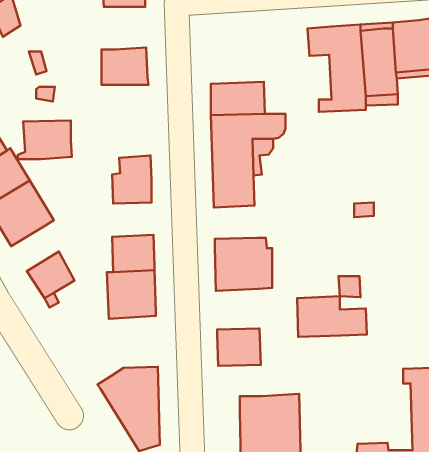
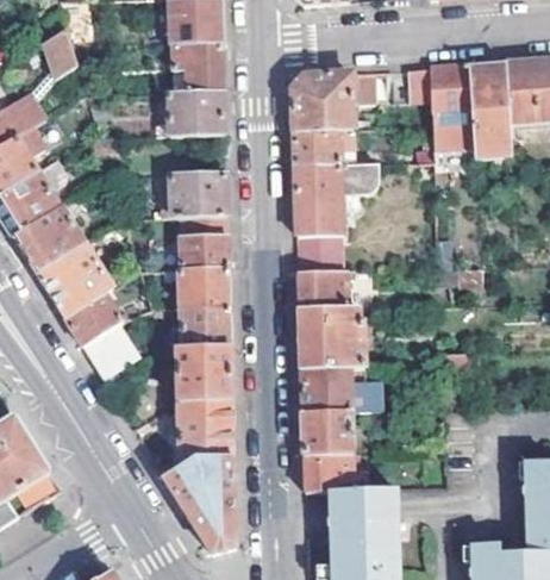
building: none -> [171,43,220,92]
building: none -> [292,71,374,131]
building: [18,121,72,159] -> [163,171,225,216]
building: none -> [180,267,229,306]
building: none -> [298,270,352,308]
building: none -> [65,293,123,345]
building: [297,296,367,337] -> [300,366,380,412]
building: none -> [177,397,233,466]
building: none -> [302,453,352,489]

